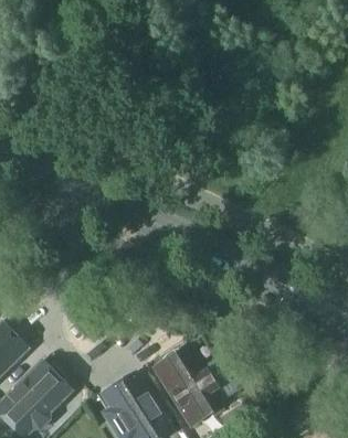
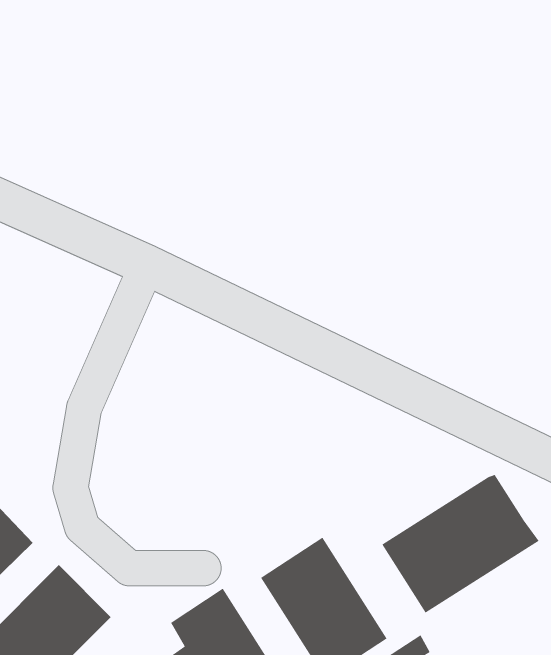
building: none -> [382,474,539,613]

